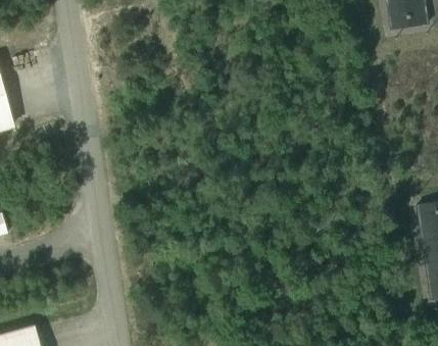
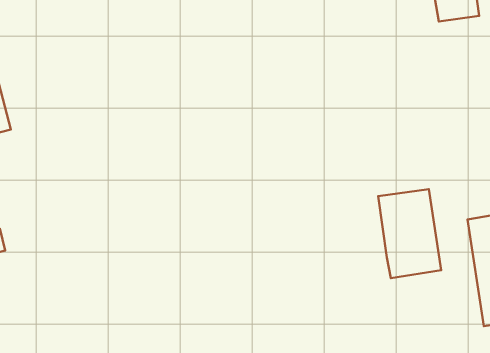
building: none -> [378,189,441,278]

